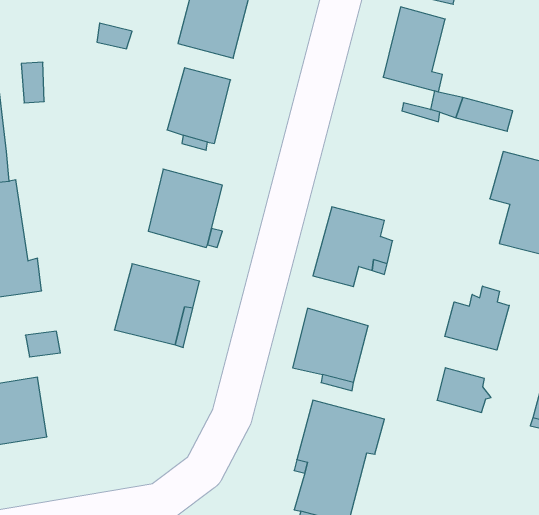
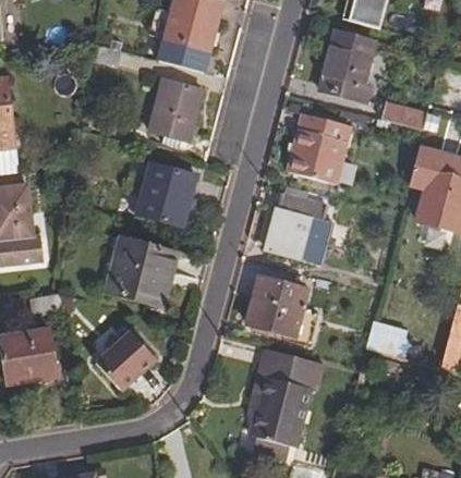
building: none -> [293,112,359,186]
building: [445,286,509,350] -> none
building: none -> [93,329,154,388]

